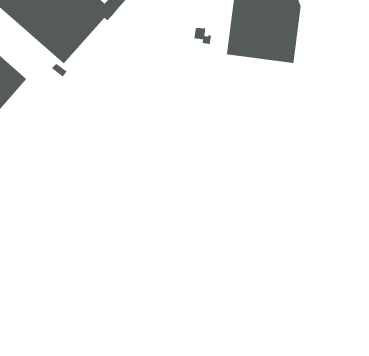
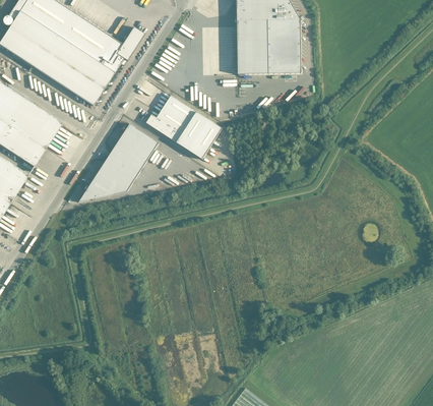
building: none -> [145,96,222,159]
building: none -> [77,123,158,201]

